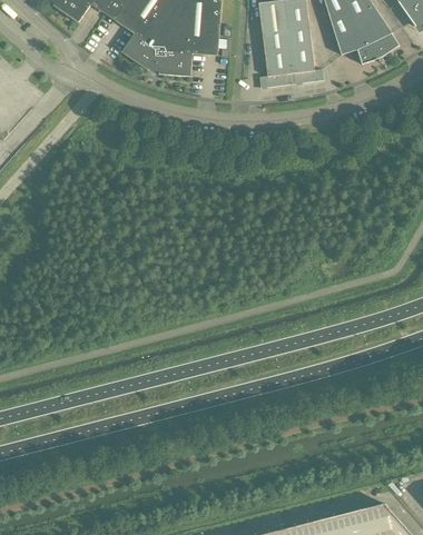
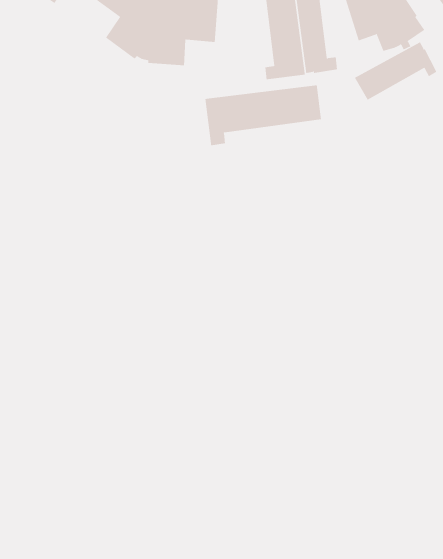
building: none -> [354,41,437,101]
building: none -> [205,84,322,146]

